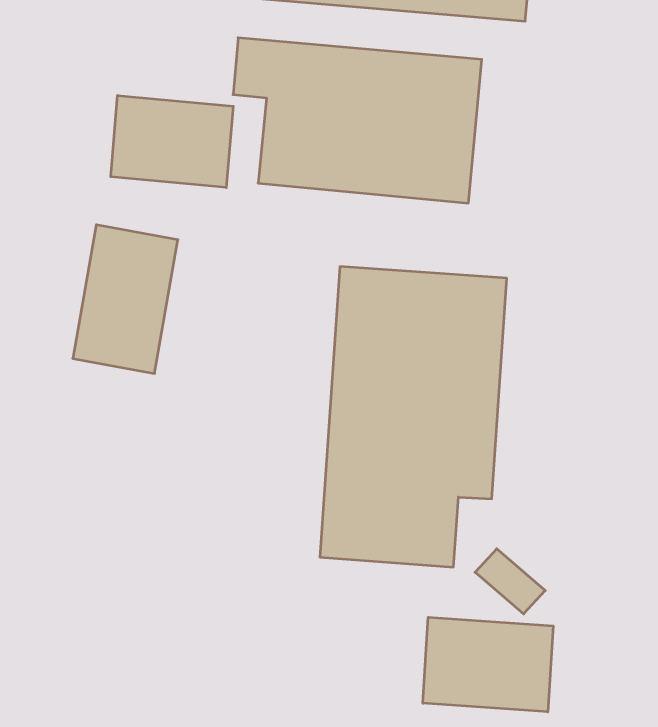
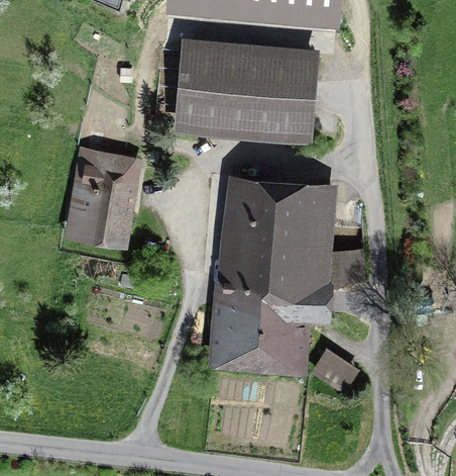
building: [111,95,233,188] -> none
building: [423,617,553,712] -> none

